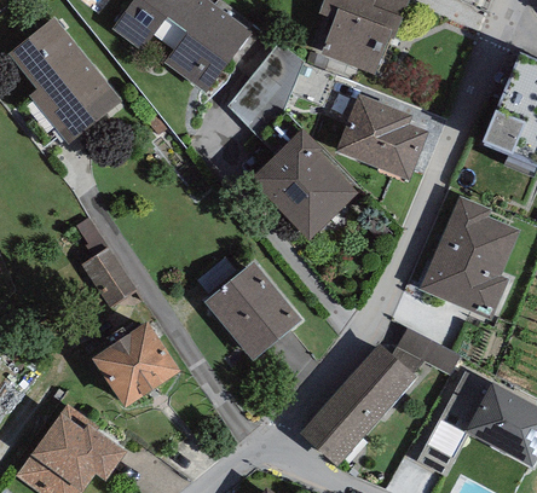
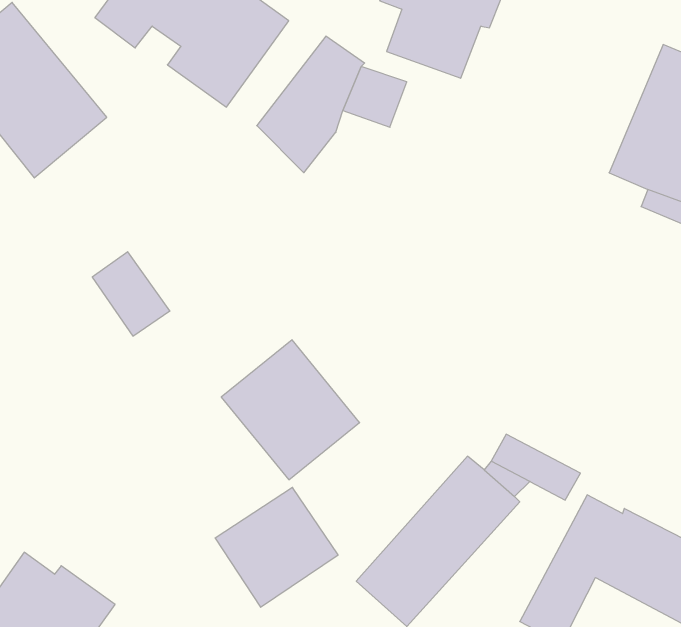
building: [335,92,427,179] -> none
building: [252,127,358,238] -> none
building: [418,196,519,319] -> none
building: [80,248,135,308] -> [92,252,170,336]
building: [92,320,180,406] -> [215,487,338,607]

